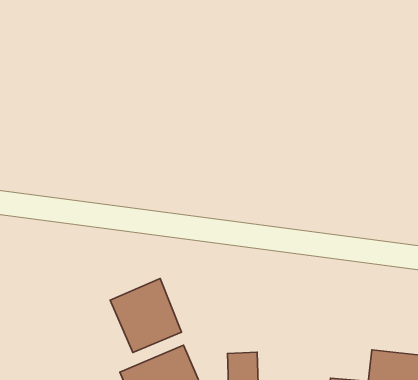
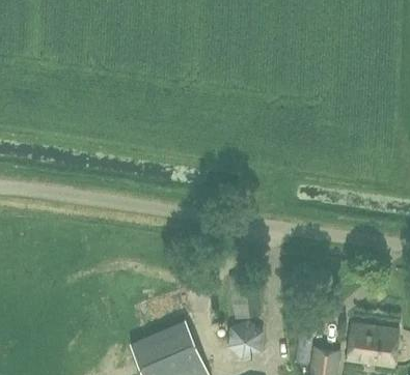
building: [110,278,182,352] -> none

